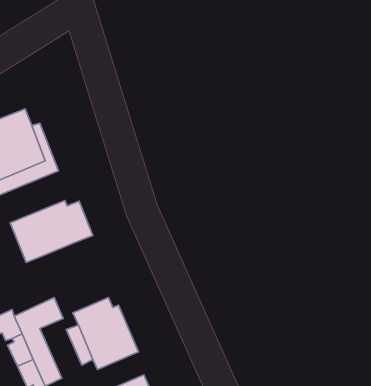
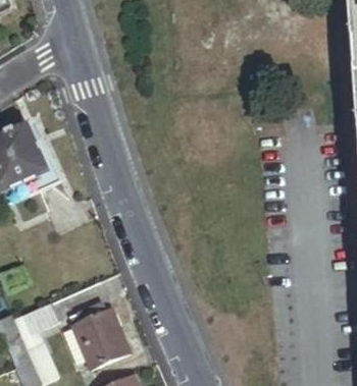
building: [10,201,93,262] -> none

